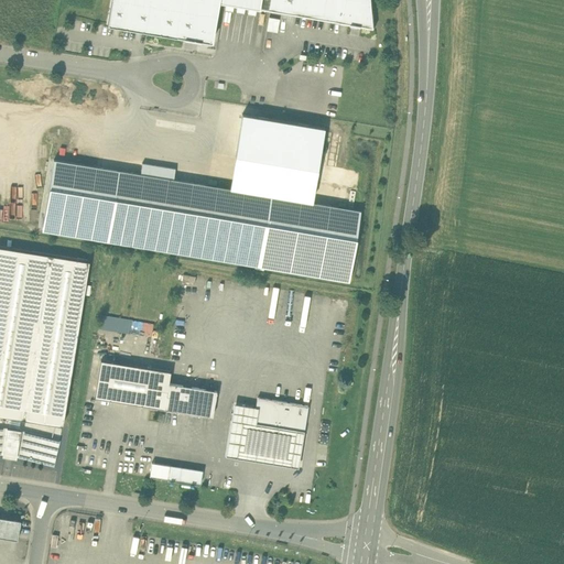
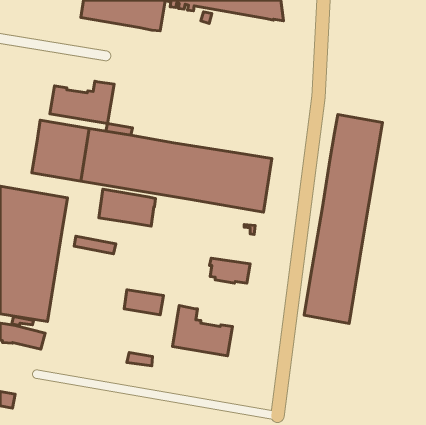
building: none -> [50,81,114,124]
building: [229,116,325,204] -> none
building: none -> [304,115,382,323]
building: [95,361,170,410] -> [99,189,155,226]
building: [258,400,312,433] -> [209,258,250,283]

